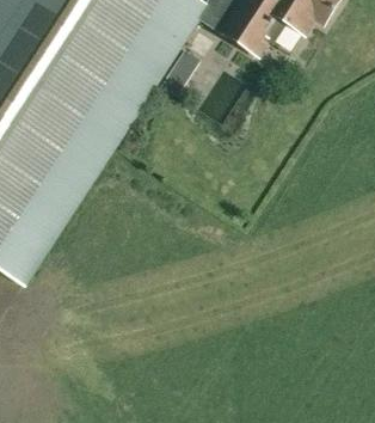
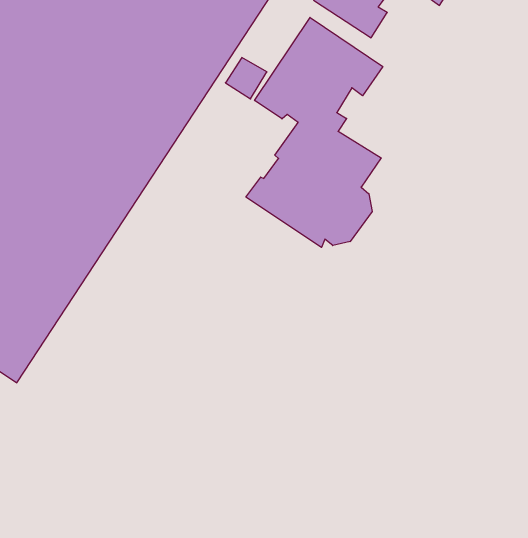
building: none -> [246,17,383,247]

